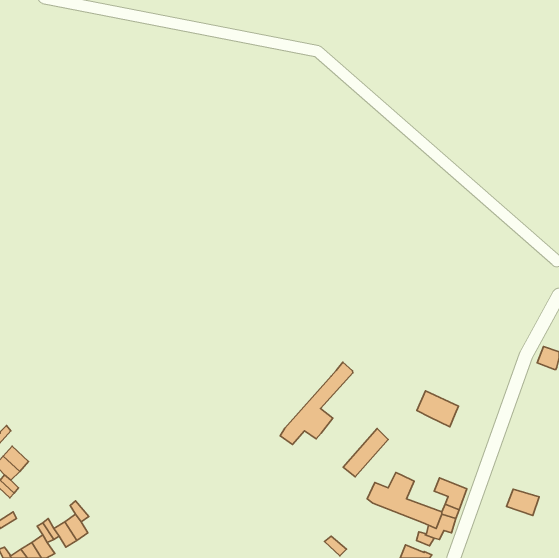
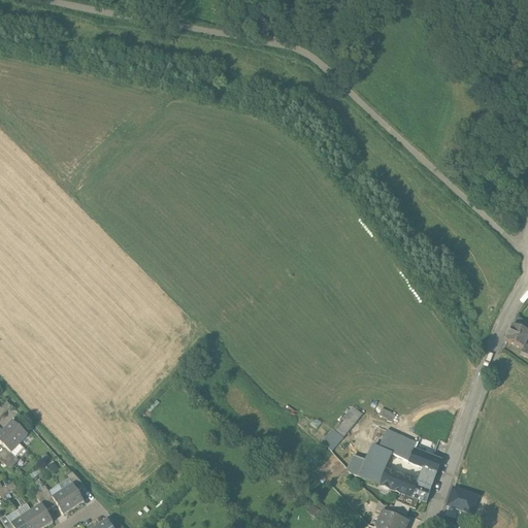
building: [280,362,353,445] -> none
building: [417,391,458,427] -> [377,428,417,462]
building: [506,489,539,515] -> [446,488,476,513]

